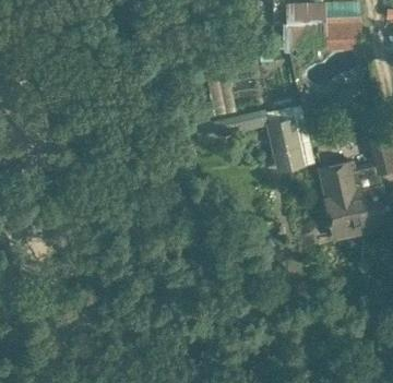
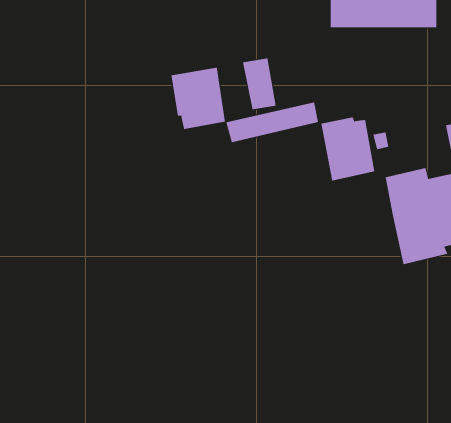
building: none -> [171,67,226,130]

